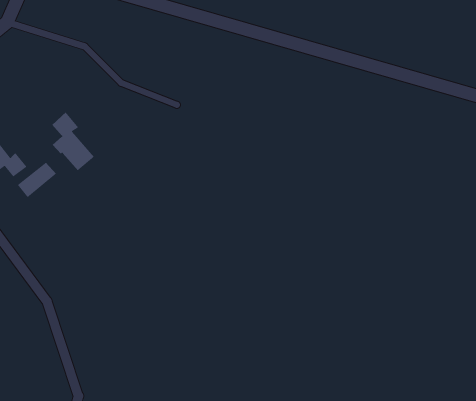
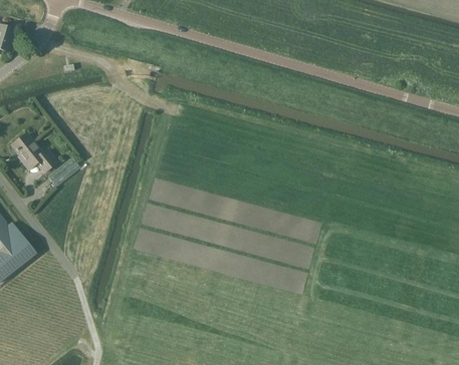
building: [52,112,95,171] -> none

